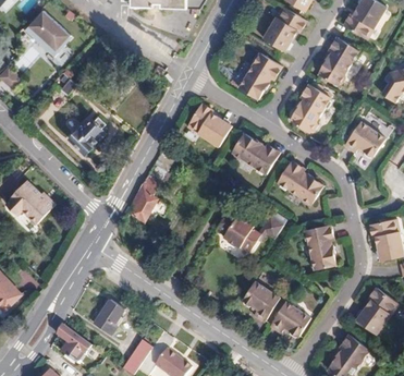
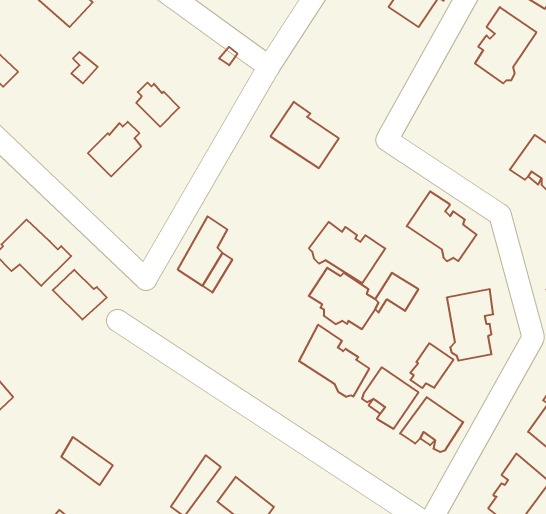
building: [235,50,281,96] -> none
building: [292,84,333,134] -> none
building: none -> [136,83,179,127]
building: [230,134,280,174] -> [309,222,385,283]
building: none -> [53,270,107,320]
building: none -> [299,325,369,397]
building: none -> [410,343,453,388]
building: [89,303,119,337] -> none

